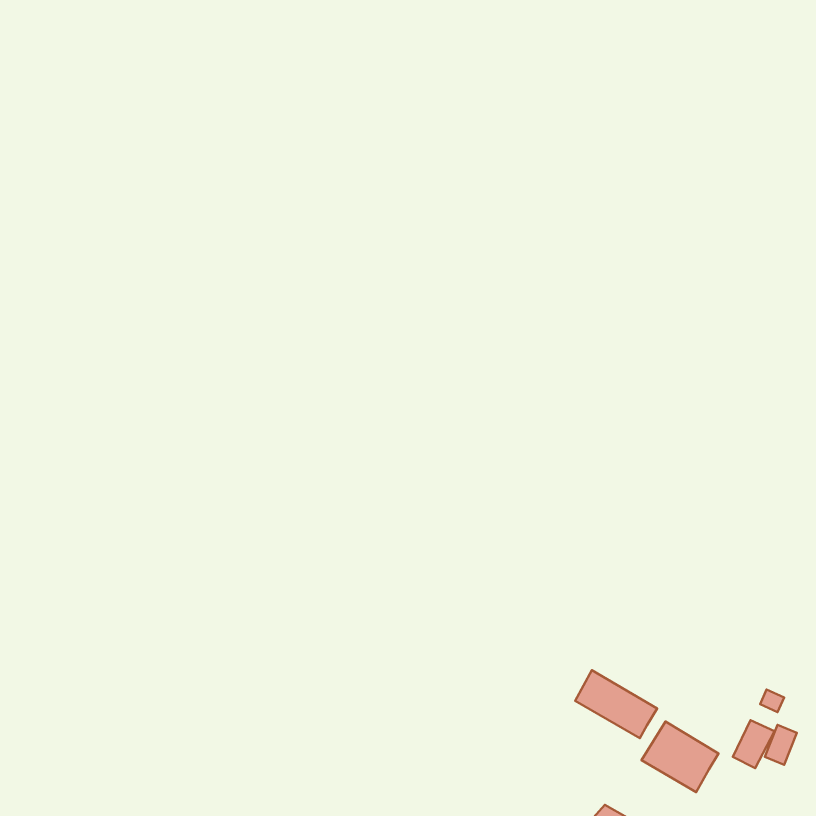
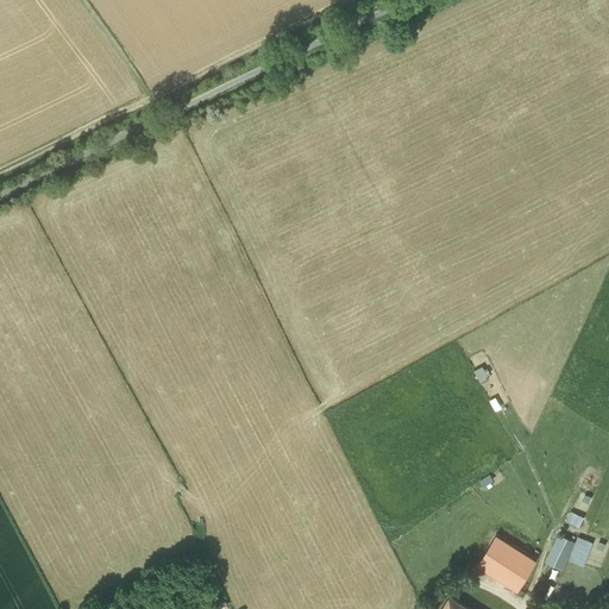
building: [575,670,657,738] -> none

